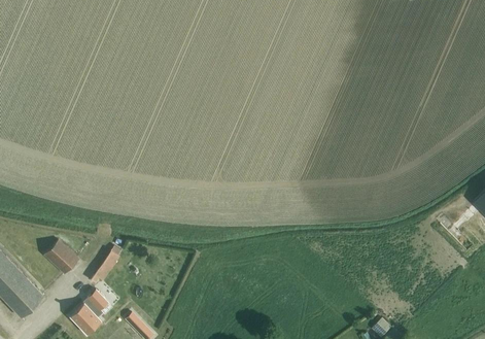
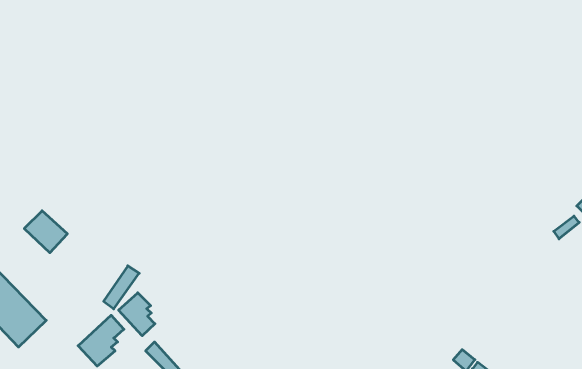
building: [43,240,78,274] -> [24,211,67,253]
building: none -> [119,293,155,336]

